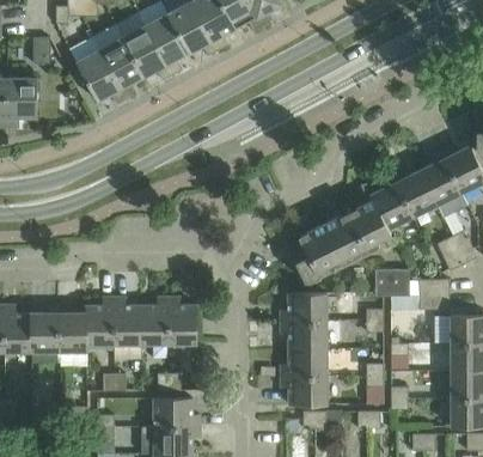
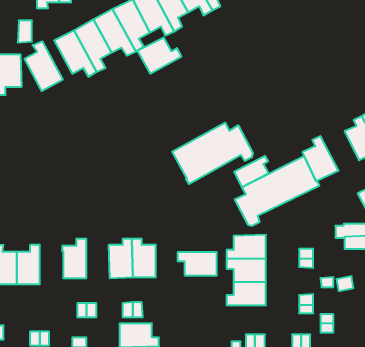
building: none -> [138,37,181,74]
building: none -> [24,41,63,91]
building: none -> [172,123,253,184]
building: [391,169,436,215] -> none
building: none -> [234,156,269,187]
building: [374,269,409,295] -> none
building: [114,297,141,343] -> none
building: [59,304,87,351] -> none
building: [280,376,326,403] -> [178,252,217,275]

